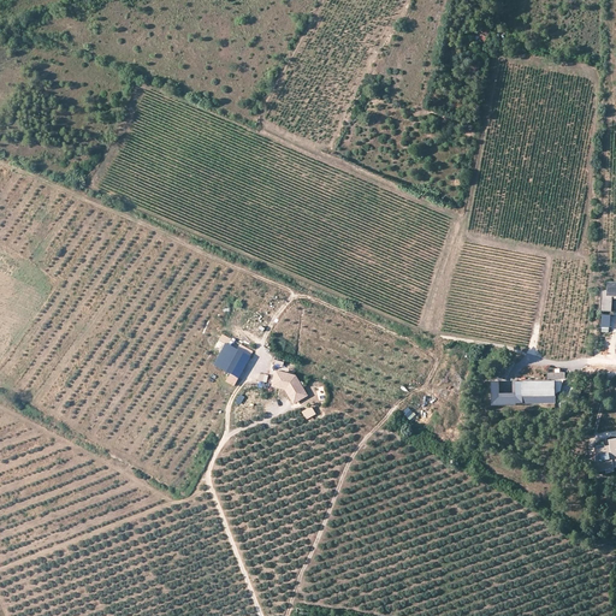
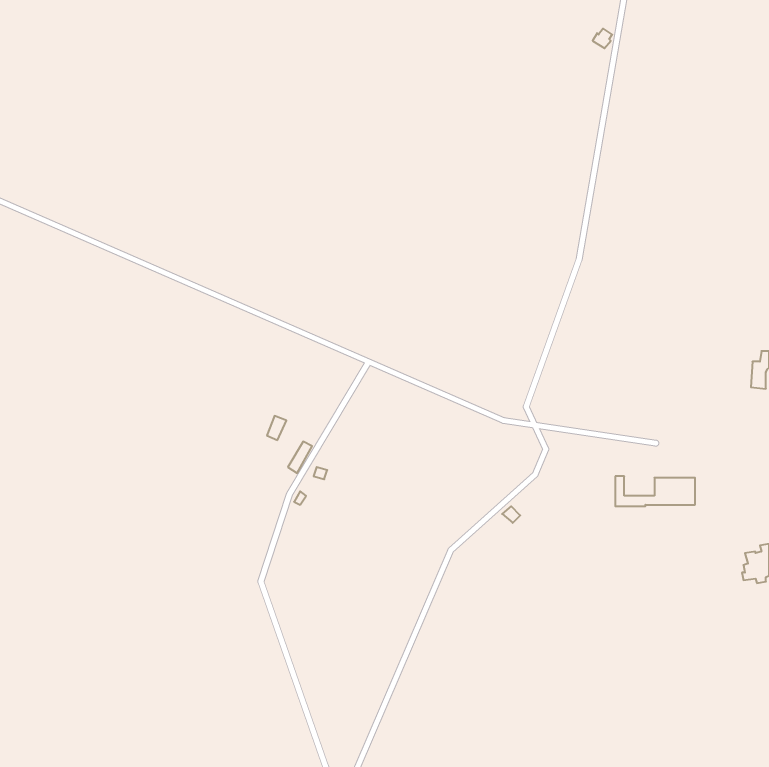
building: [272,369,306,399] -> none

